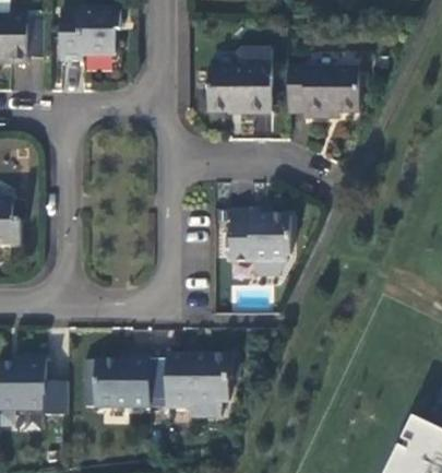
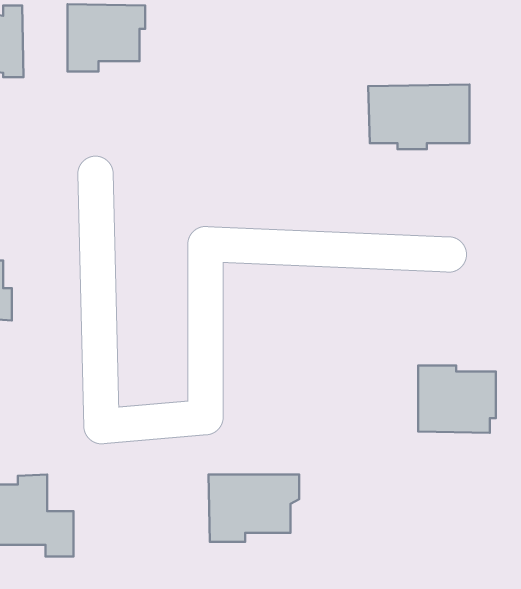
building: [210,64,271,109] -> none
building: [230,208,288,258] -> [418,366,496,433]
building: [94,355,144,406] -> none

